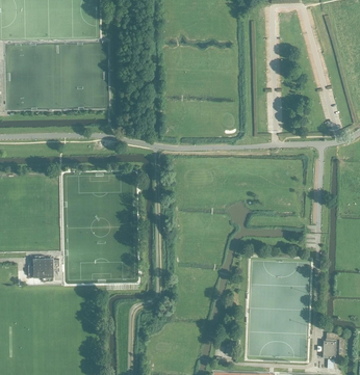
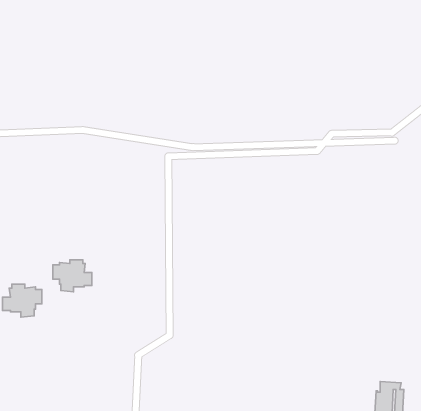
building: none -> [53,260,92,292]

